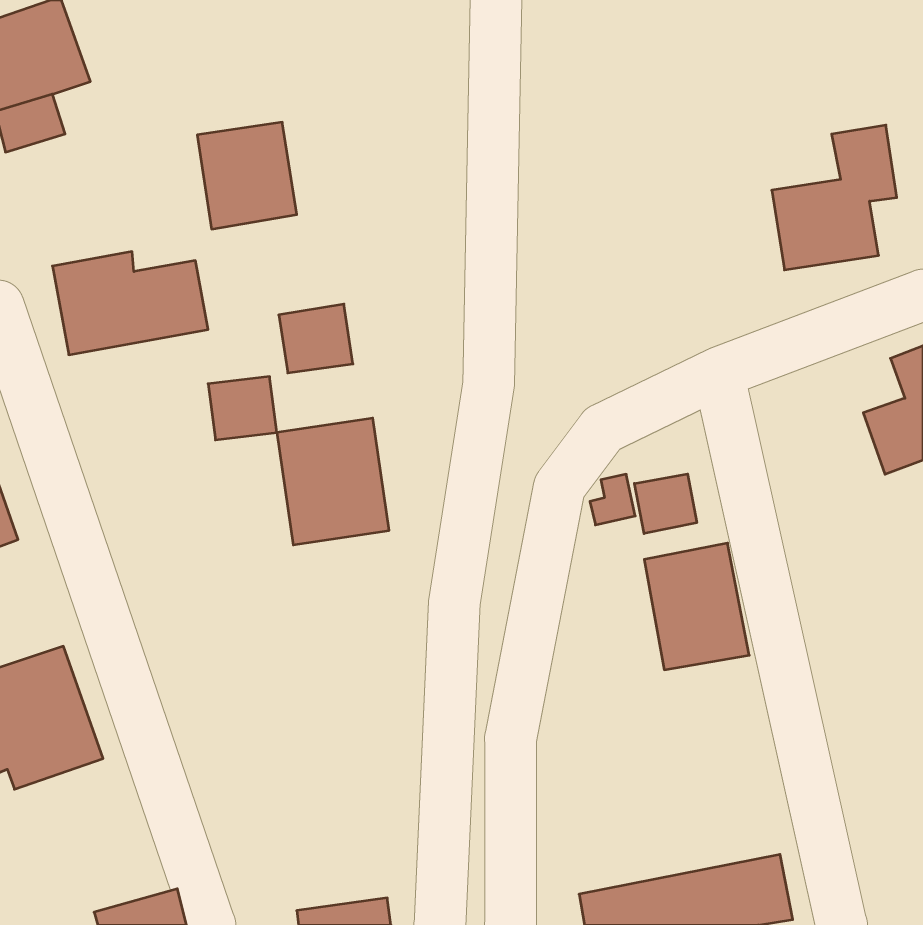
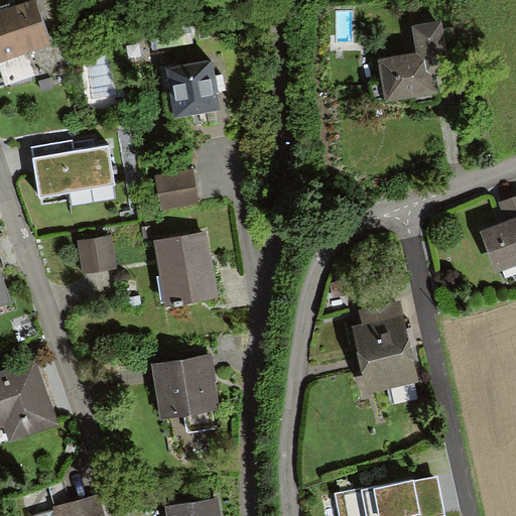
building: [197,122,297,229] -> [164,59,220,119]
building: [772,125,897,270] -> [378,24,447,105]
building: [208,377,277,440] -> [78,236,116,271]
building: [634,474,697,534] -> none
building: none -> [153,358,218,434]

